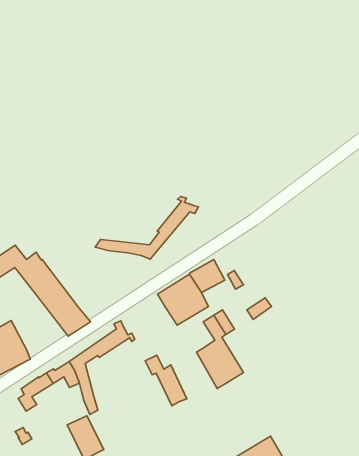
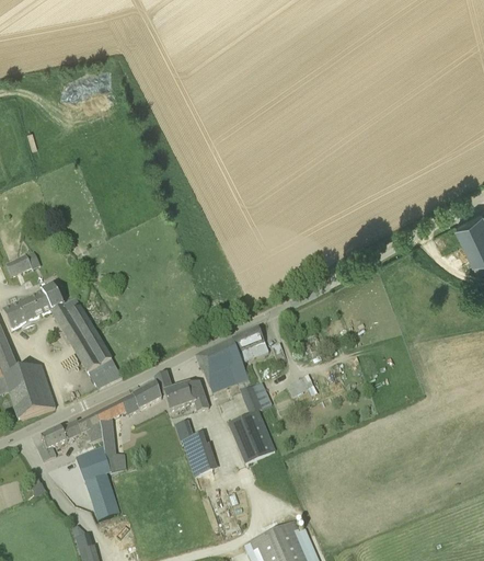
building: [95,196,199,259] -> none
building: none -> [153,373,209,411]
building: none -> [76,448,110,481]

